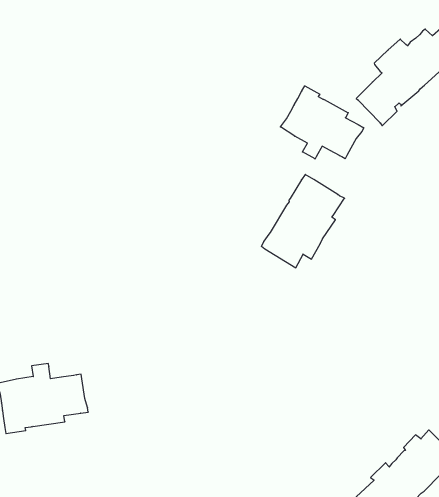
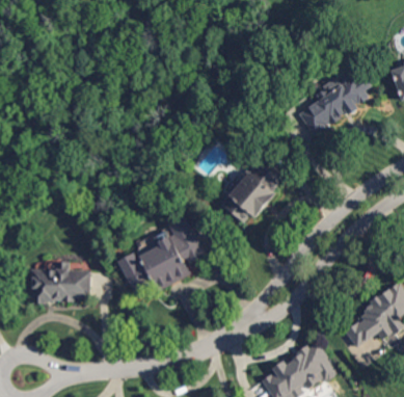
building: [280,86,364,159] -> none
building: none -> [116,218,205,295]

